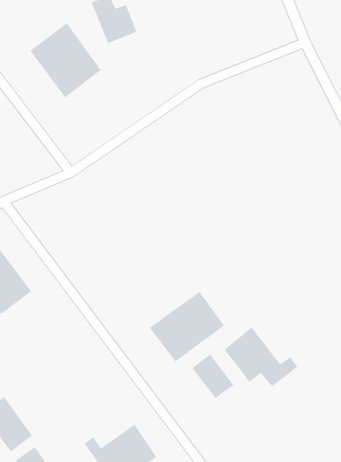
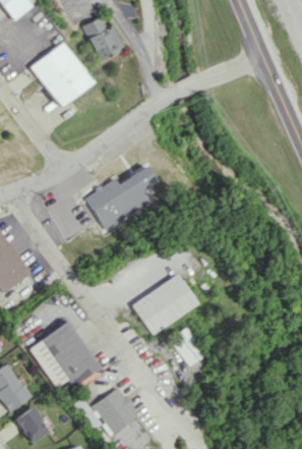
building: none -> [84,165,157,231]
building: [224,326,298,387] -> none
building: none -> [31,322,101,388]

